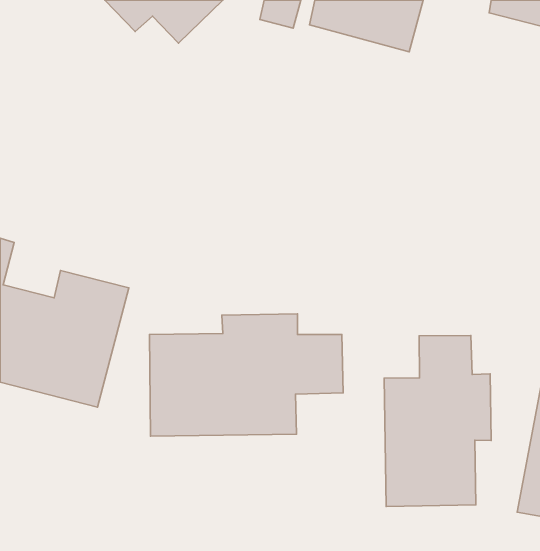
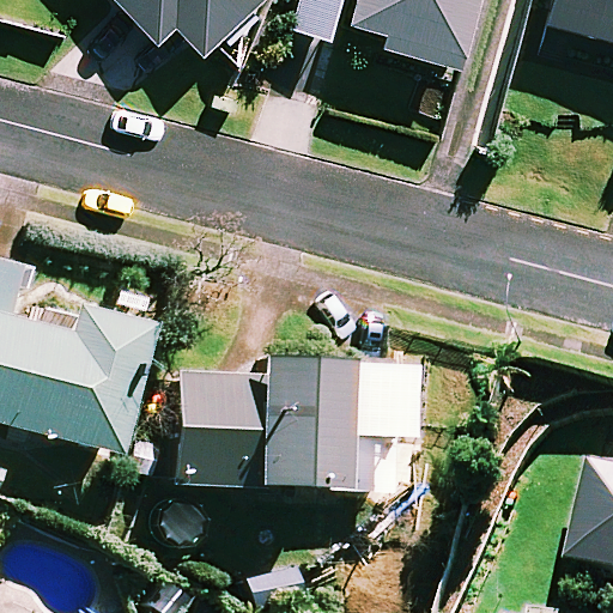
building: [384,335,491,507] -> none

